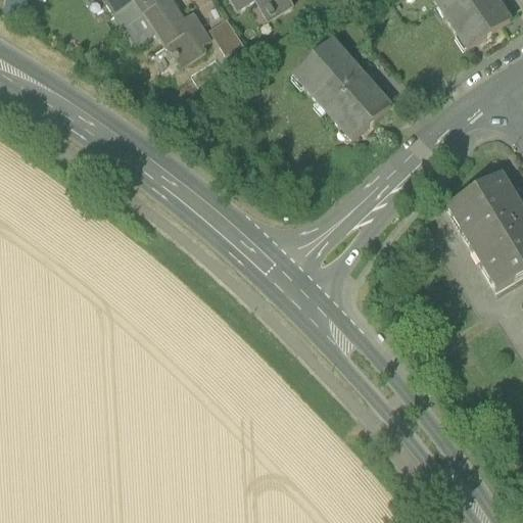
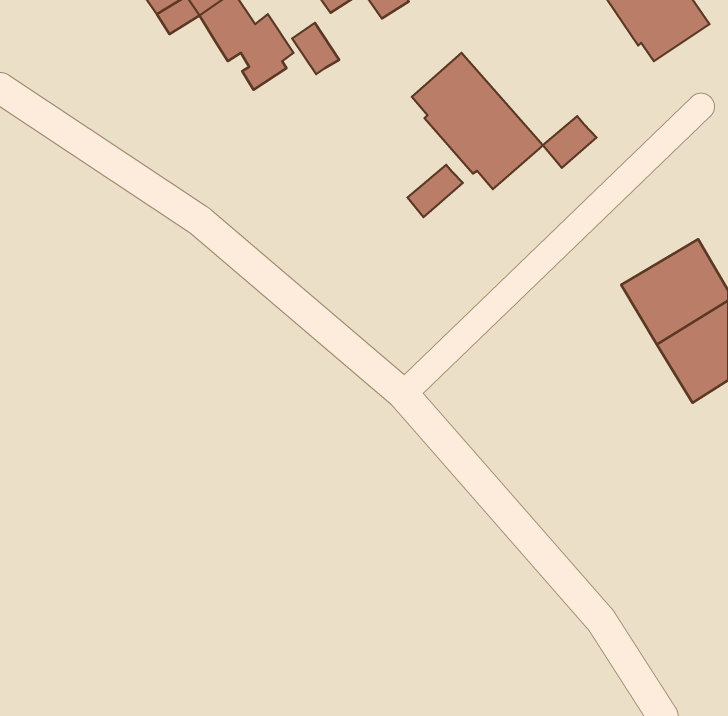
building: [122,11,154,43] -> none
building: none -> [543,116,596,168]
building: none -> [407,165,463,217]

